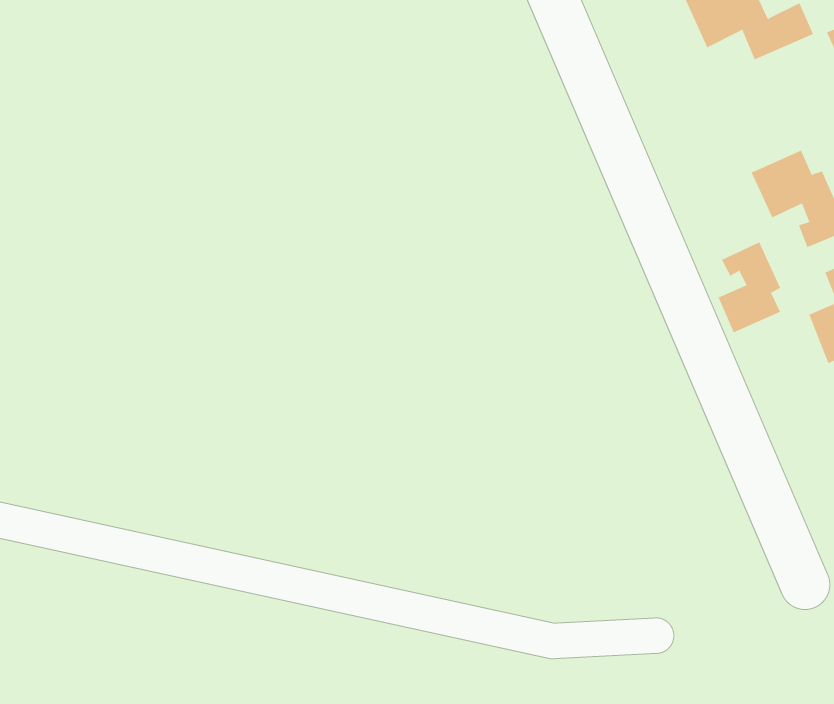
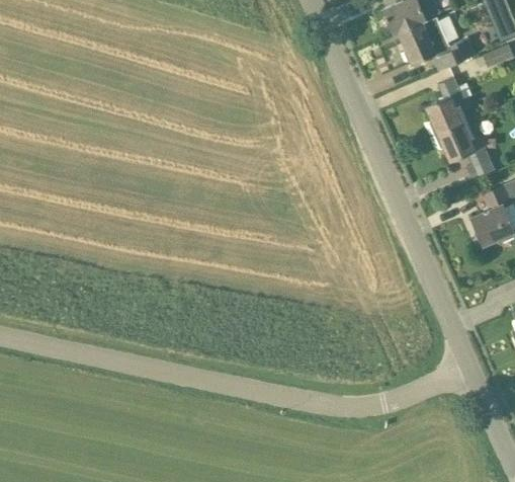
building: none -> [425,78,467,137]
building: [718,241,781,333] -> none

